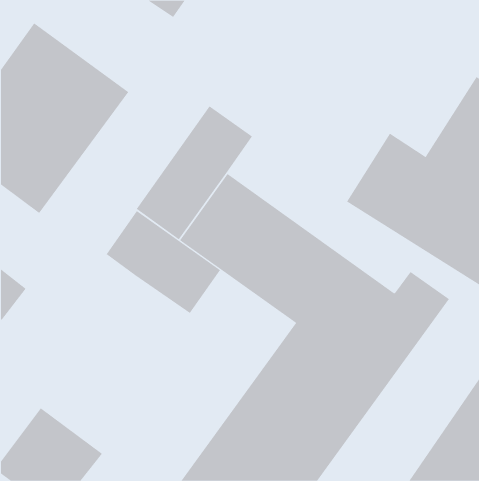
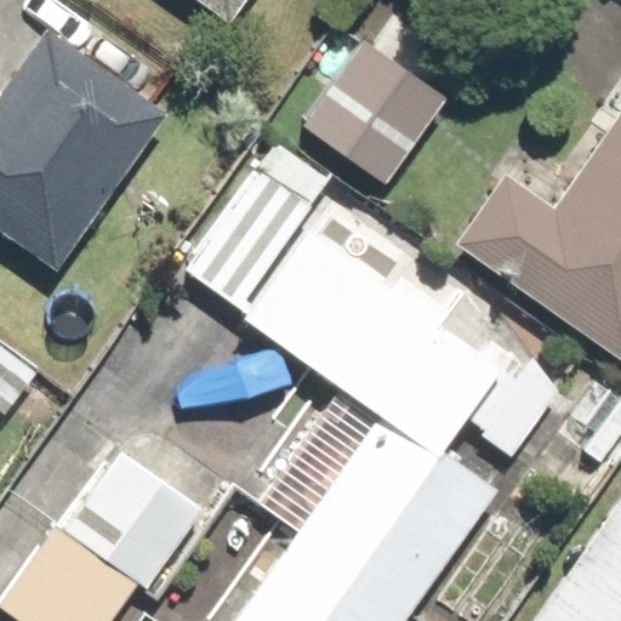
building: none -> [295,27,427,193]
building: [106,210,221,314] -> none
building: none -> [56,443,211,596]

